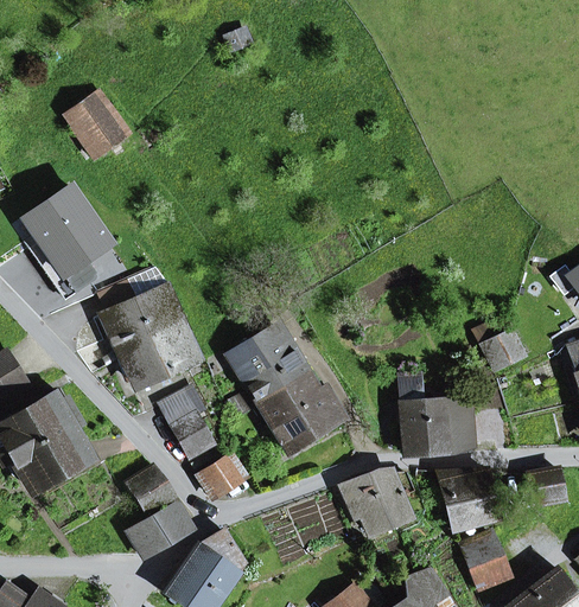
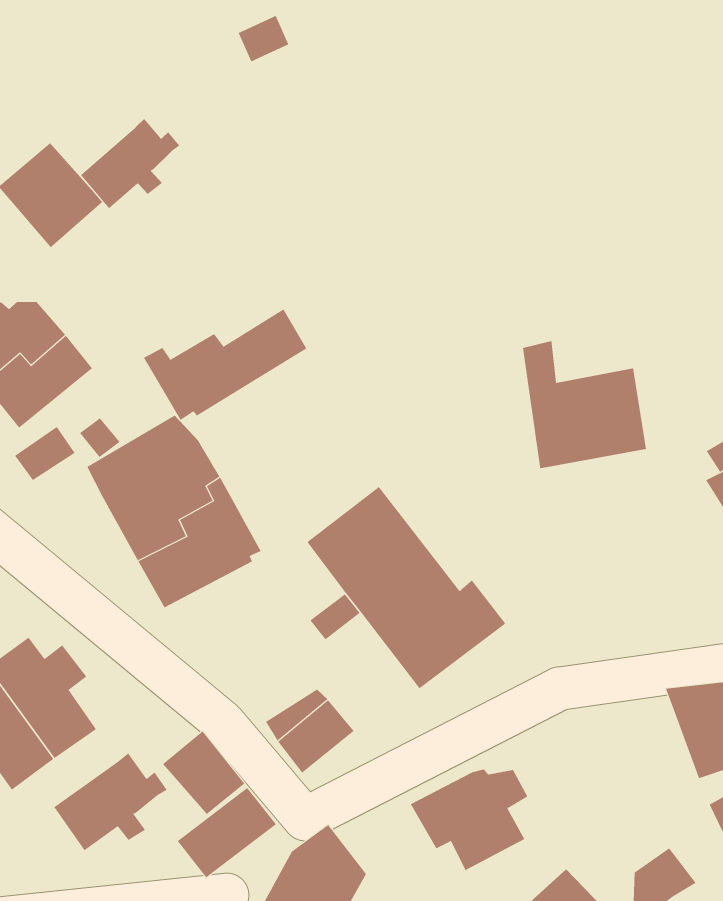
building: none -> [80,118,180,209]
building: none -> [143,308,307,421]
building: [401,376,471,454] -> [522,341,647,469]
building: [161,388,215,458] -> none
building: [339,471,413,532] -> [410,769,528,871]
building: none -> [53,752,167,851]

